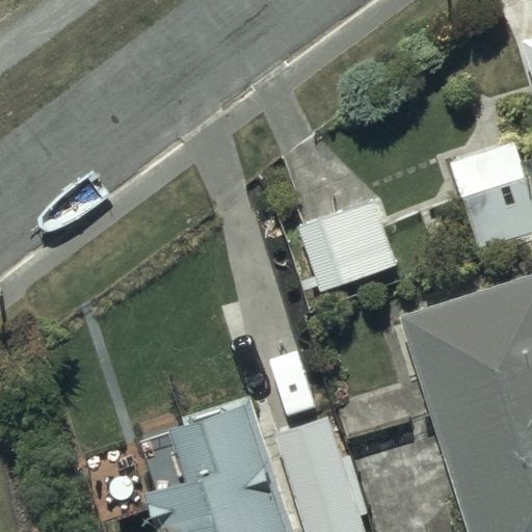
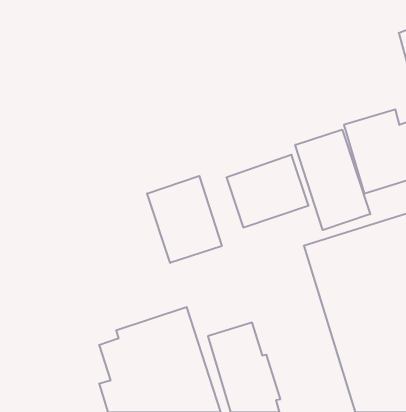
building: none -> [295,130,370,230]
building: none -> [147,176,222,263]

